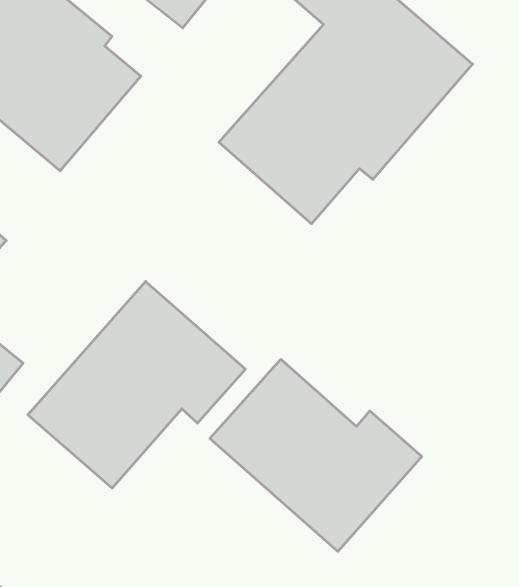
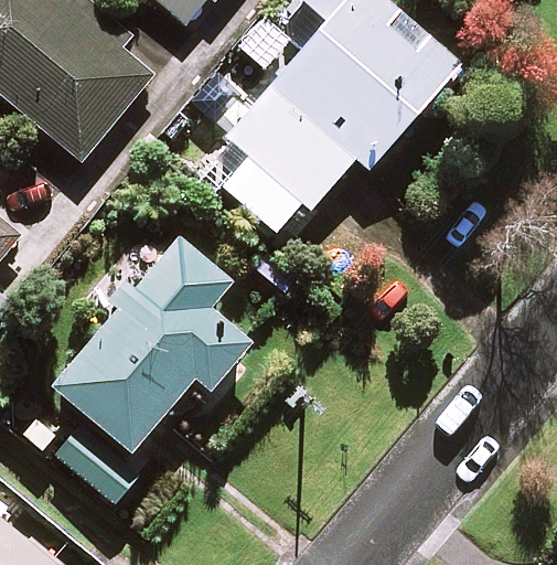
building: [210,359,422,551] -> none

